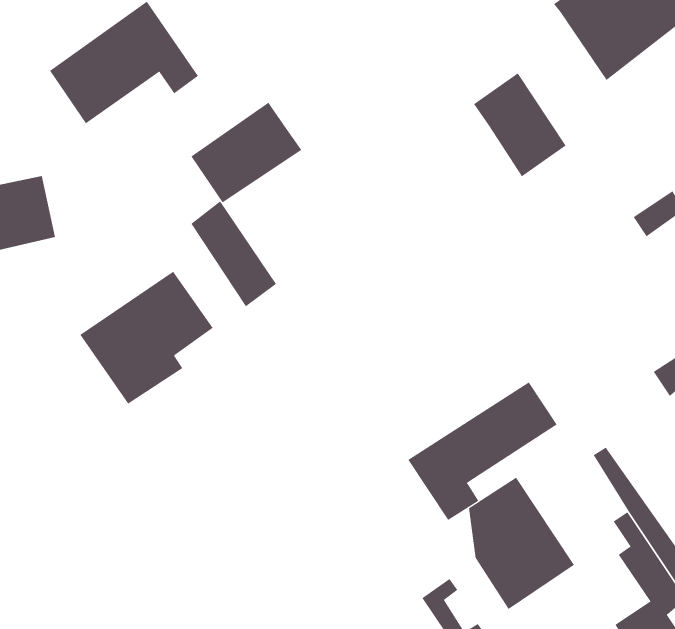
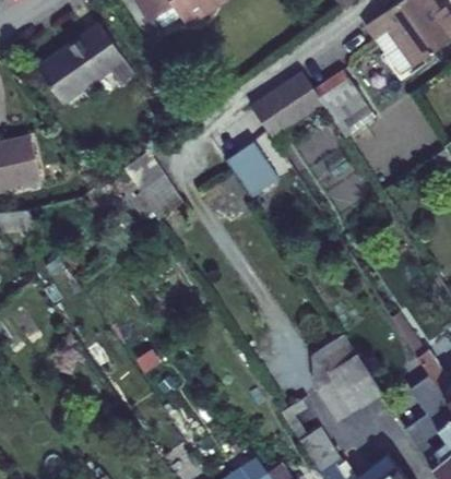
building: [191,102,302,203] -> [251,73,324,140]
building: none -> [225,136,278,193]
building: [80,271,213,405] -> none
building: [408,381,558,521] -> none

